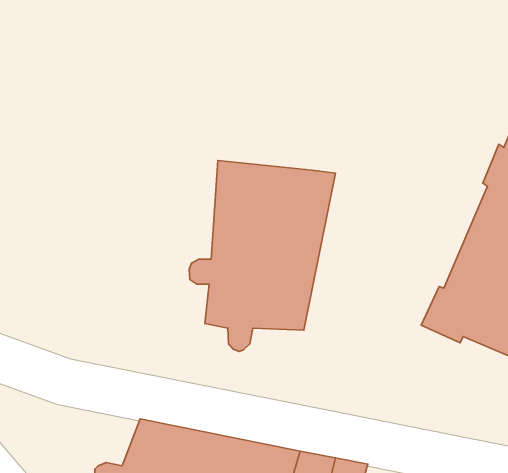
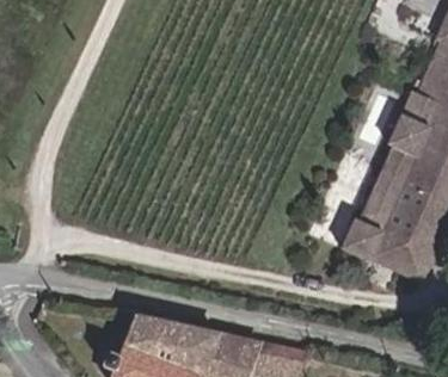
building: [189,161,335,352] -> none

